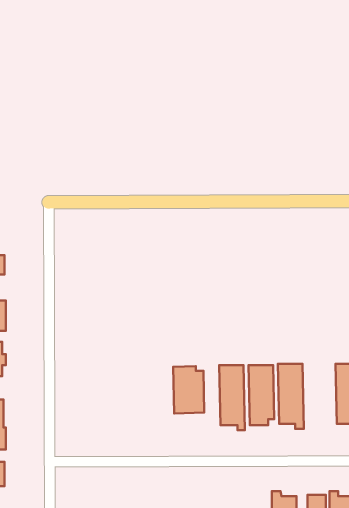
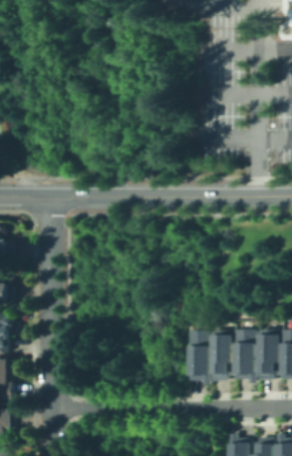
building: none -> [256,330,278,380]
building: [173,366,204,413] -> none

